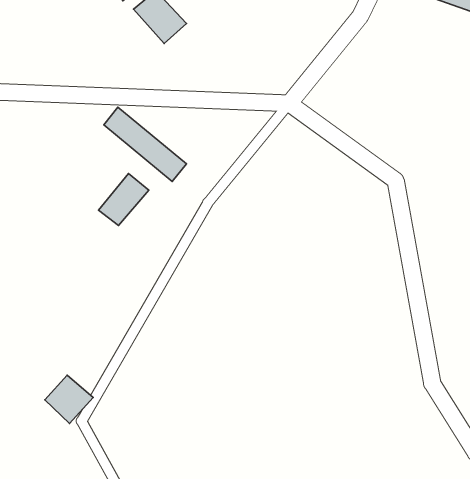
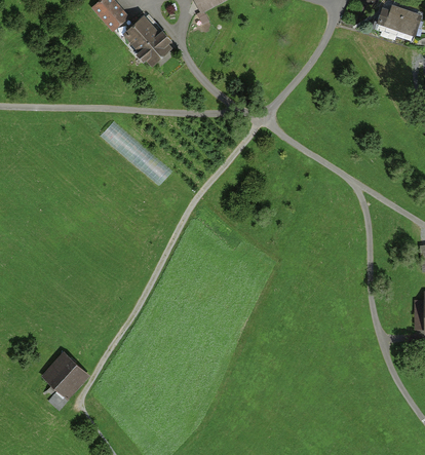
building: [98,174,149,226] -> none

